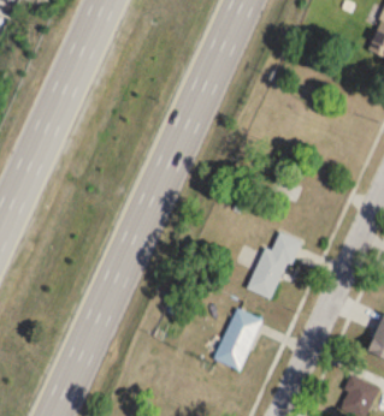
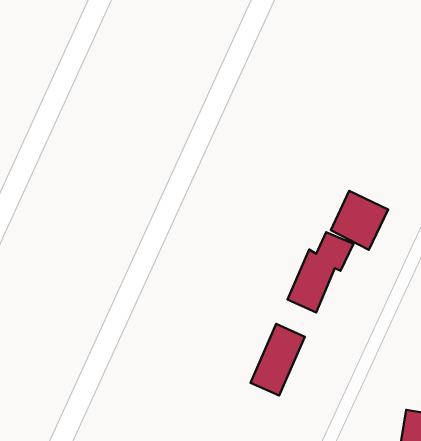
building: none -> [331,191,388,250]

